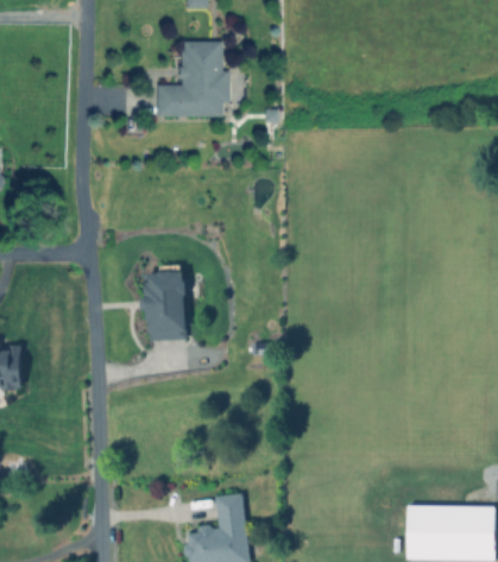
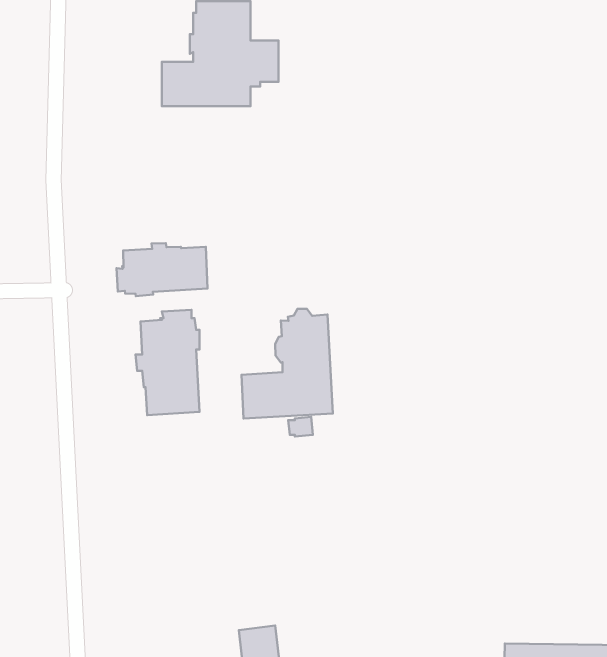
building: none -> [116,243,208,296]
building: none -> [241,309,333,419]

